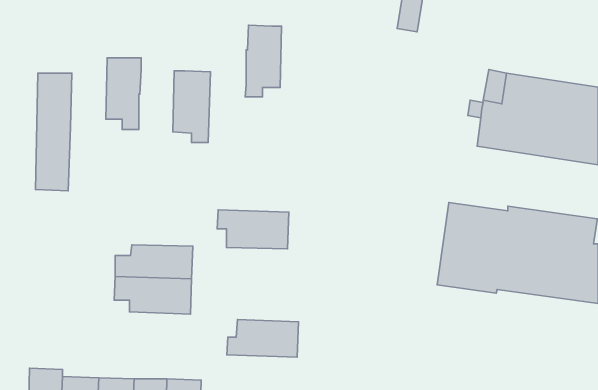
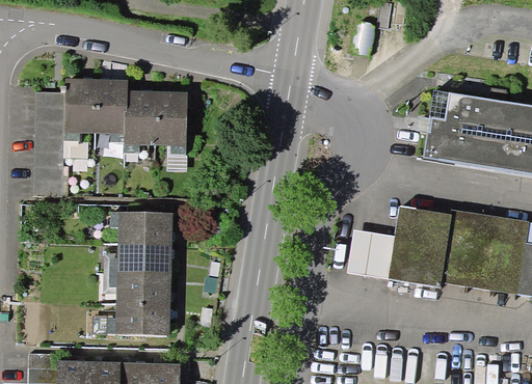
building: [245,25,281,97] -> [124,89,156,153]
building: none -> [64,78,97,141]
building: [217,210,289,249] -> [110,211,174,245]
building: none -> [348,229,395,279]
building: [227,319,298,357] -> [107,303,170,336]

